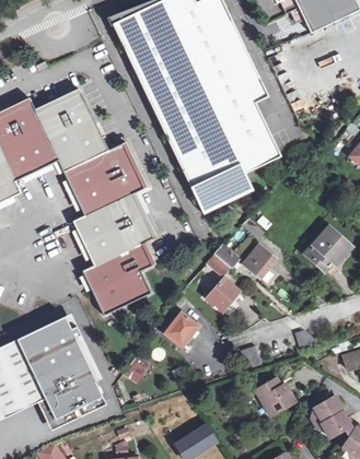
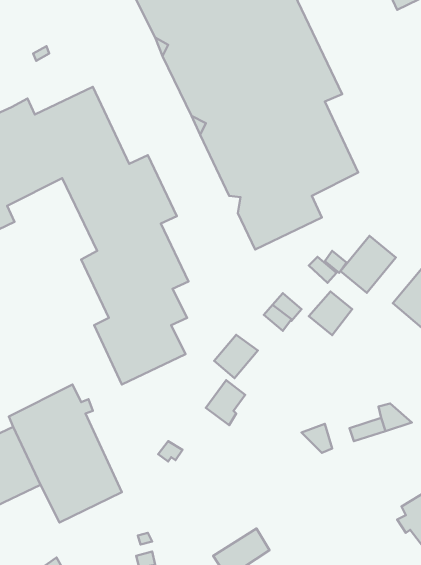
building: none -> [340,236,396,293]
building: [207,278,240,310] -> [214,335,258,378]
building: [255,377,291,412] -> none

